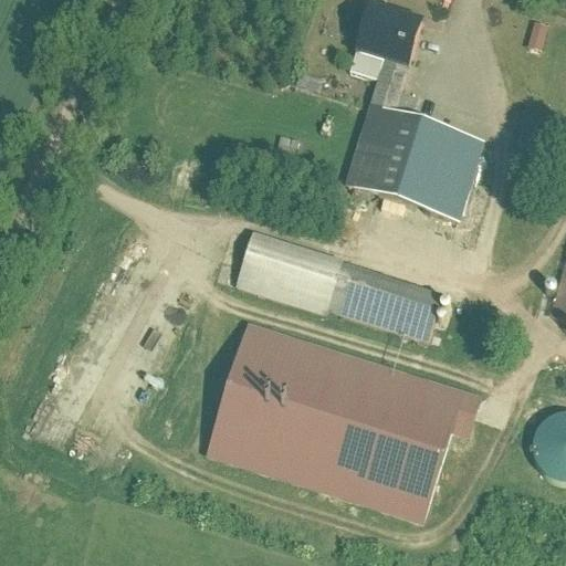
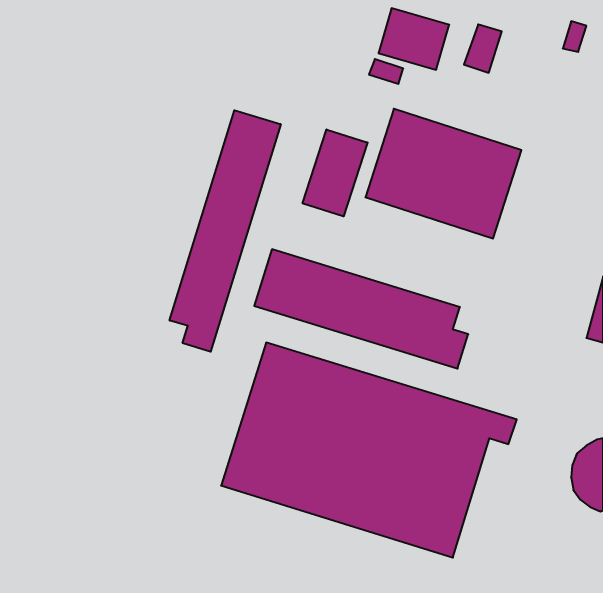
building: [368,64,403,109] -> [464,24,502,73]
building: none -> [170,110,281,352]
building: none -> [303,129,368,216]

